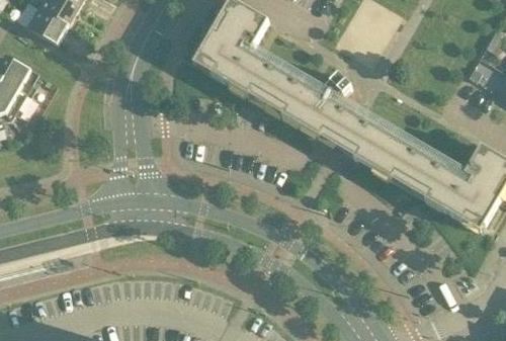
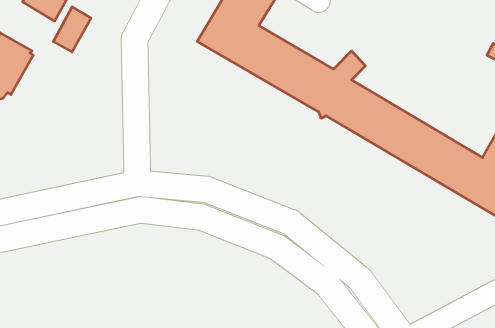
building: none -> [53,7,91,52]

